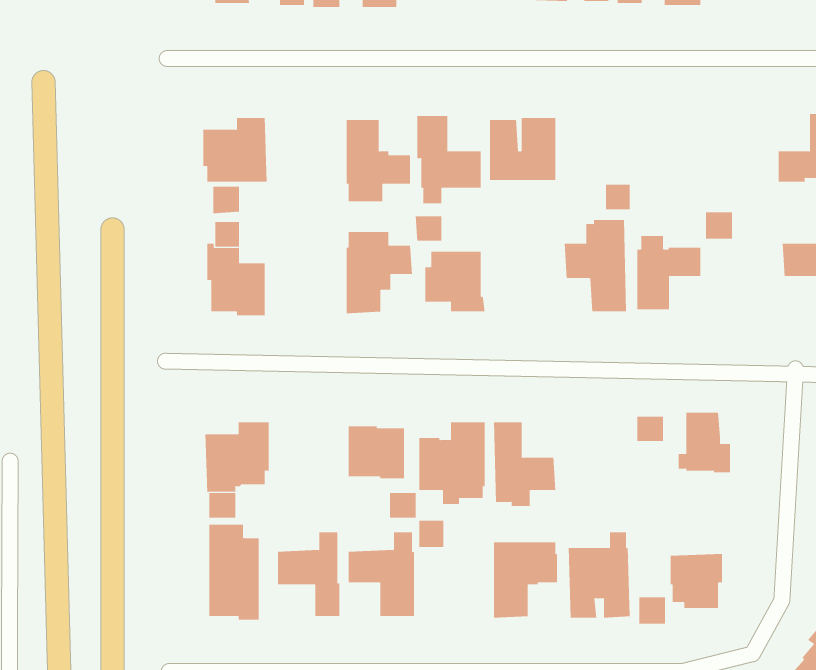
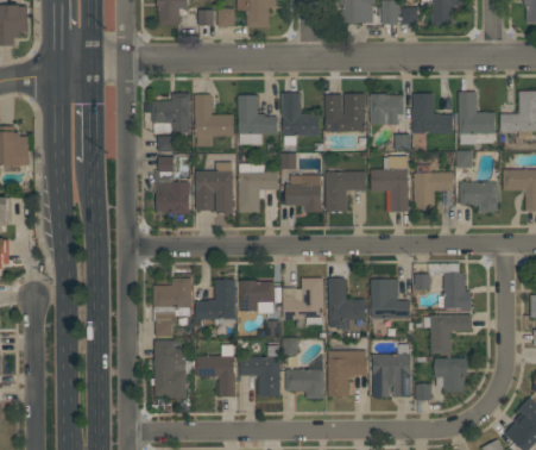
building: none -> [458,90,494,144]
building: none -> [370,93,403,124]
building: none -> [412,93,453,132]
building: none -> [194,94,233,144]
building: none -> [196,161,233,214]
building: none -> [324,171,365,211]
building: none -> [459,181,497,212]
building: none -> [194,279,235,326]
building: none -> [370,279,410,318]
building: none -> [423,313,471,354]
building: none -> [285,354,323,398]

